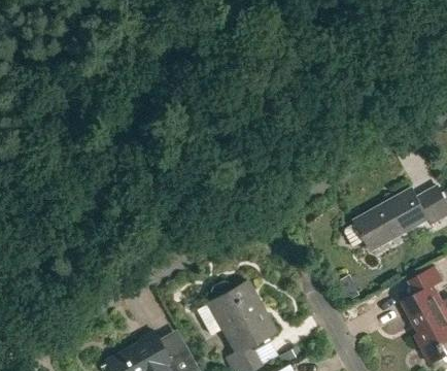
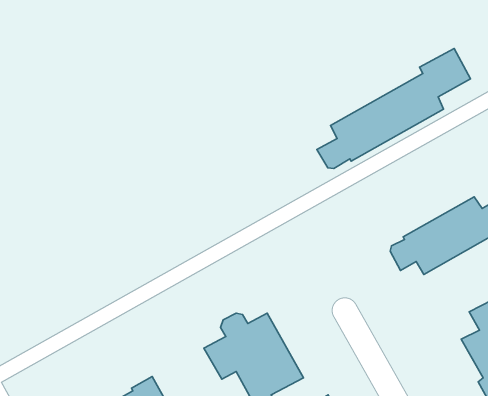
building: none -> [317,49,470,169]

